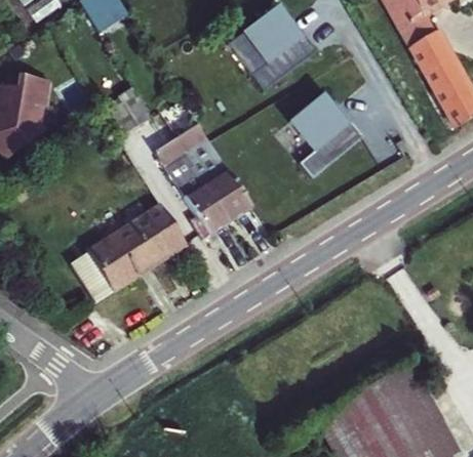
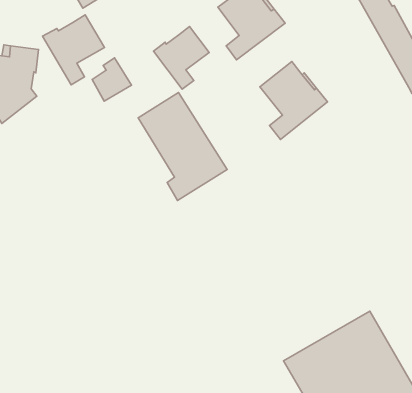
building: none -> [43,15,104,85]
building: none -> [153,27,209,89]
building: [69,205,184,303] -> none

